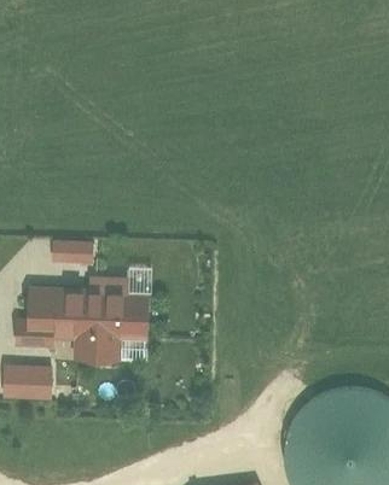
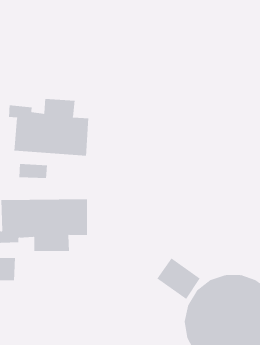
building: none -> [8,98,89,156]
building: none -> [156,257,201,300]

